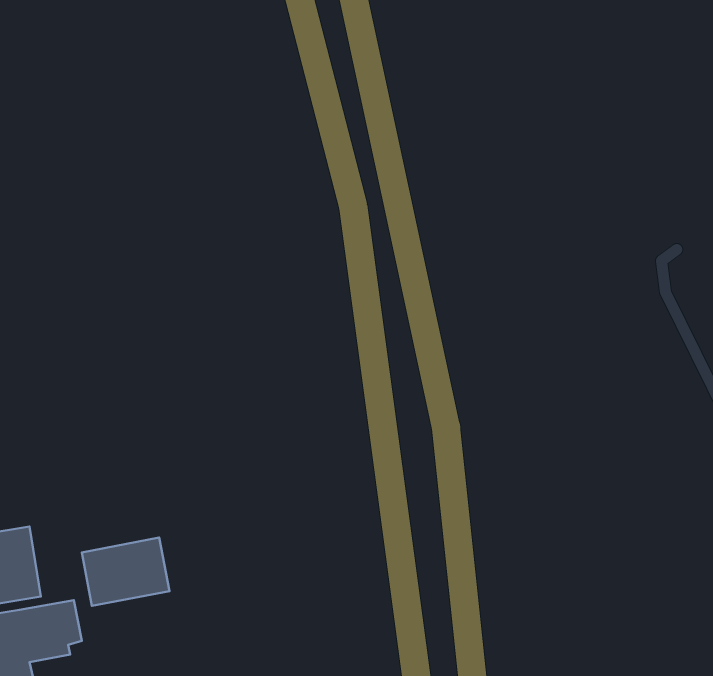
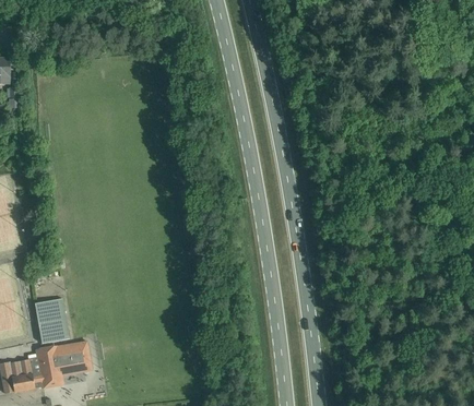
building: [82,538,169,606] -> none

